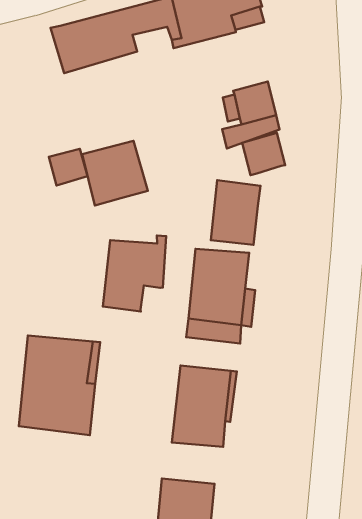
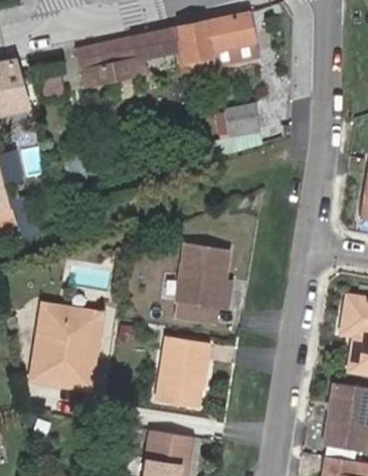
building: [242,133,285,175] -> none
building: [82,141,148,205] -> none
building: [211,180,260,245] -> none
building: [103,236,166,311] -> none

